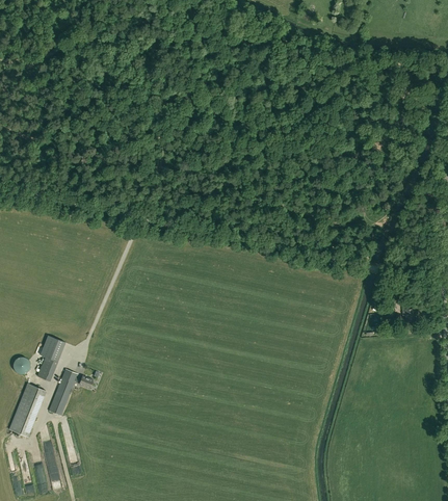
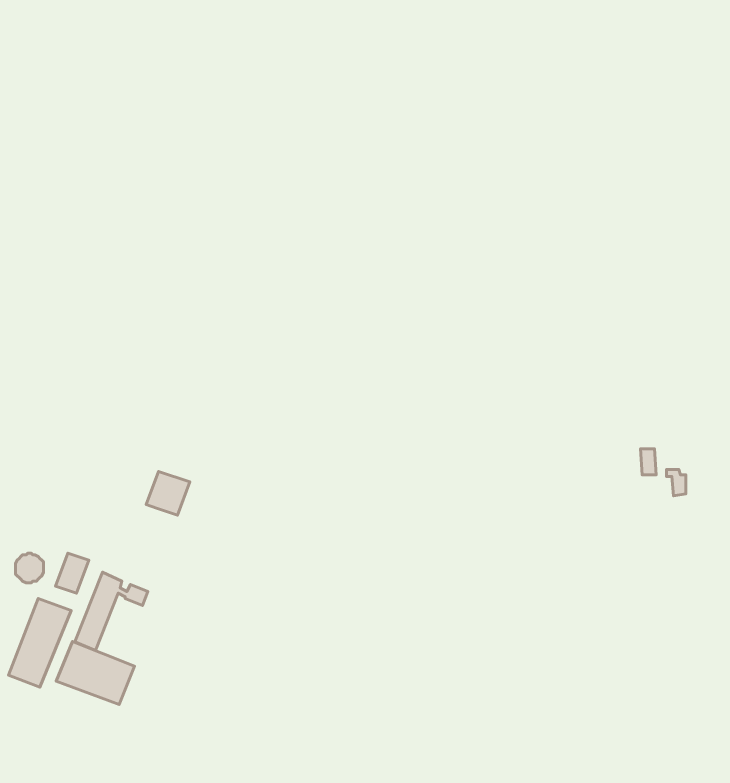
building: [38,335,64,361] -> [146,471,190,515]
building: none -> [56,641,135,704]

